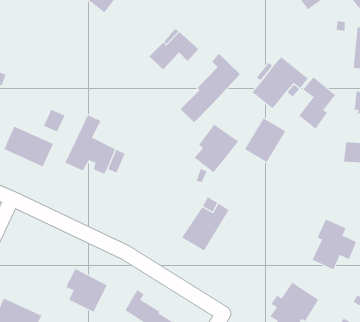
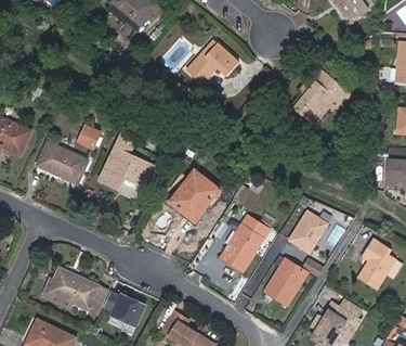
building: [180,53,241,123] -> none
building: [298,76,336,130] -> none
building: [244,117,286,163] -> [283,208,326,255]
building: [194,124,239,173] -> [173,170,220,221]
building: none -> [263,258,307,306]
building: none -> [41,268,107,315]

